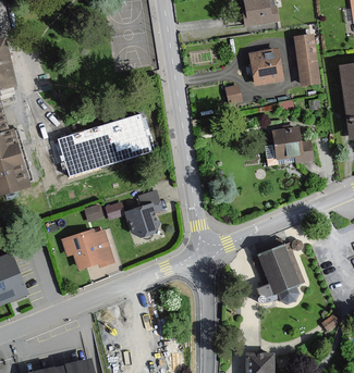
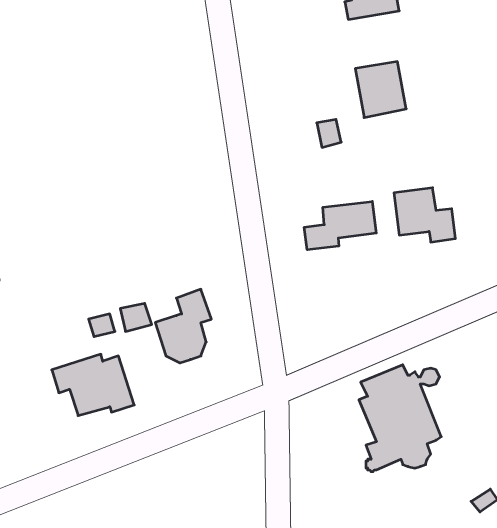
building: [293,34,318,84] -> none
building: [59,114,149,174] -> none
building: none -> [304,201,376,250]

